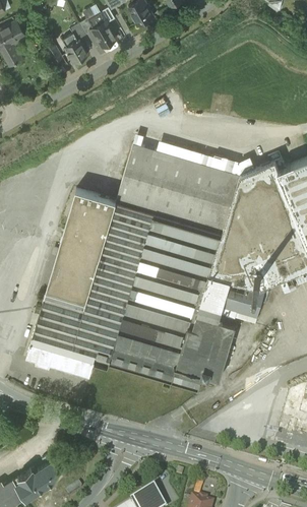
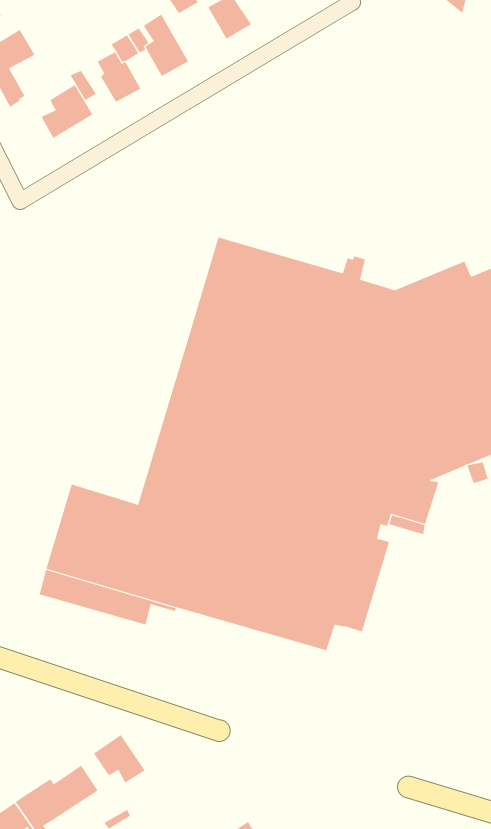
building: none -> [41,84,93,139]
building: [46,189,116,303] -> none
building: none -> [93,734,145,783]

